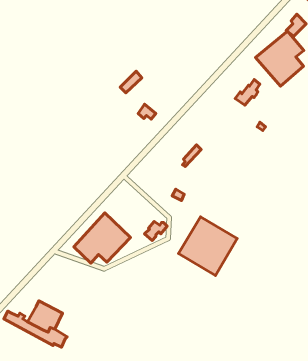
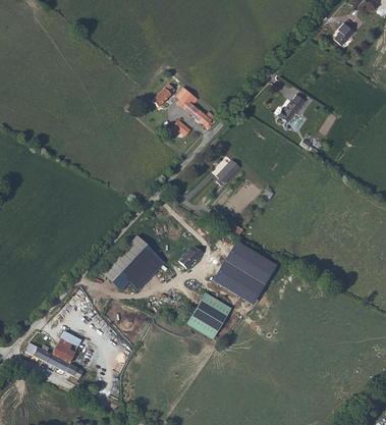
building: [256,31,304,86] -> none
building: none -> [177,90,215,128]
building: none -> [188,294,233,339]

